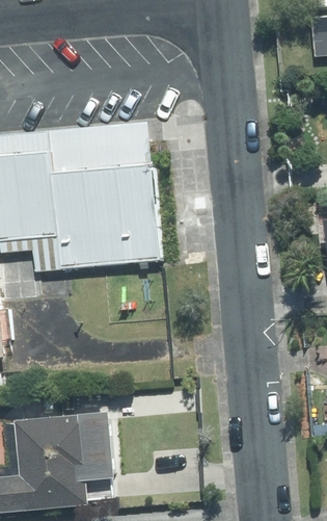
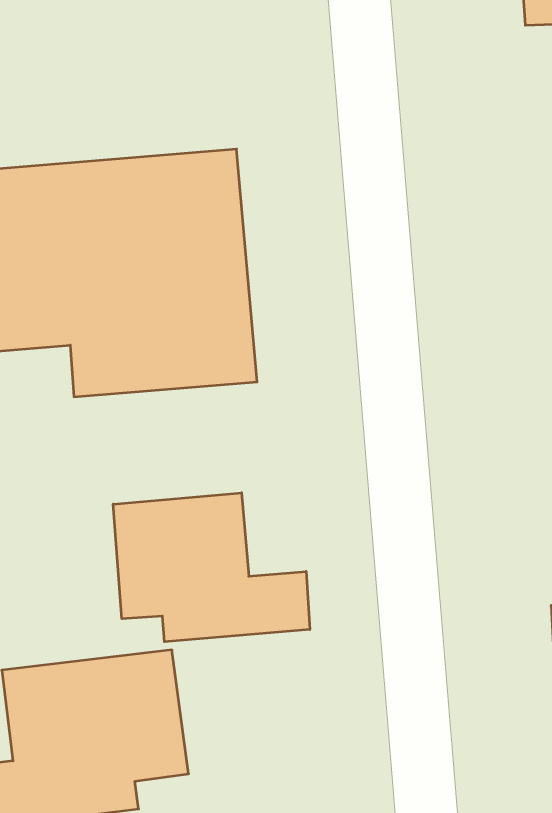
building: none -> [113,493,310,642]

